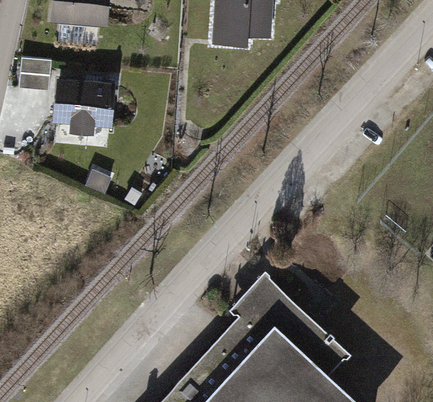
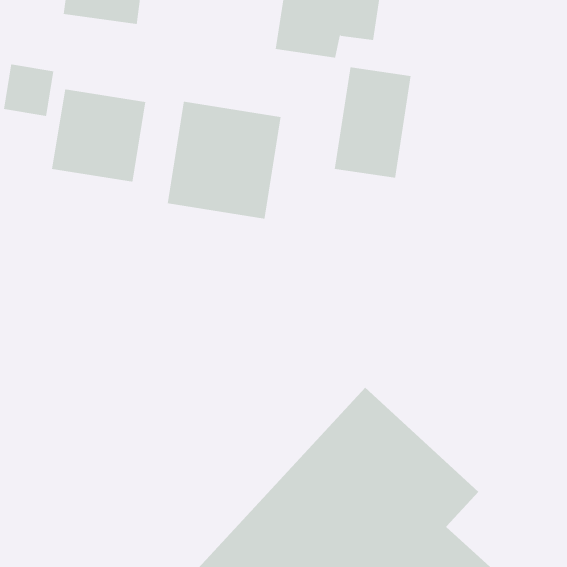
building: none -> [334,66,411,179]
building: none -> [167,101,281,220]

